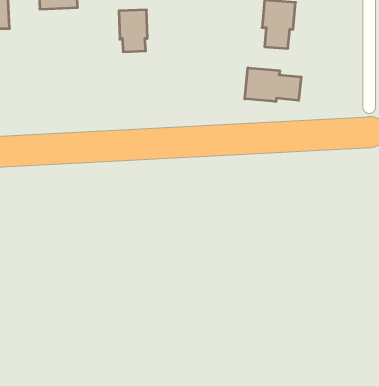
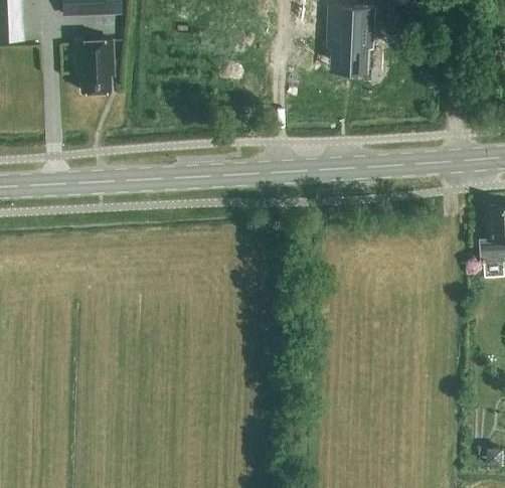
building: [119,10,147,52] -> [78,41,113,92]
building: [245,68,301,102] -> none

